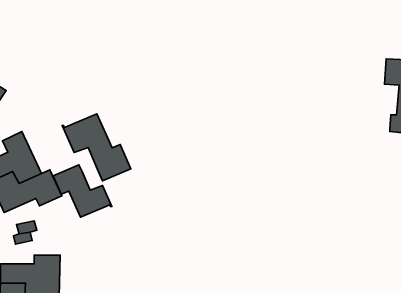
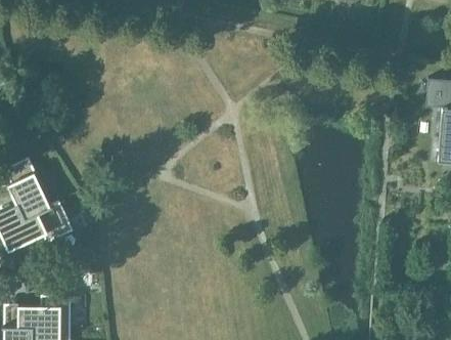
building: [62,114,131,181] -> none
building: [53,165,112,217] -> none

